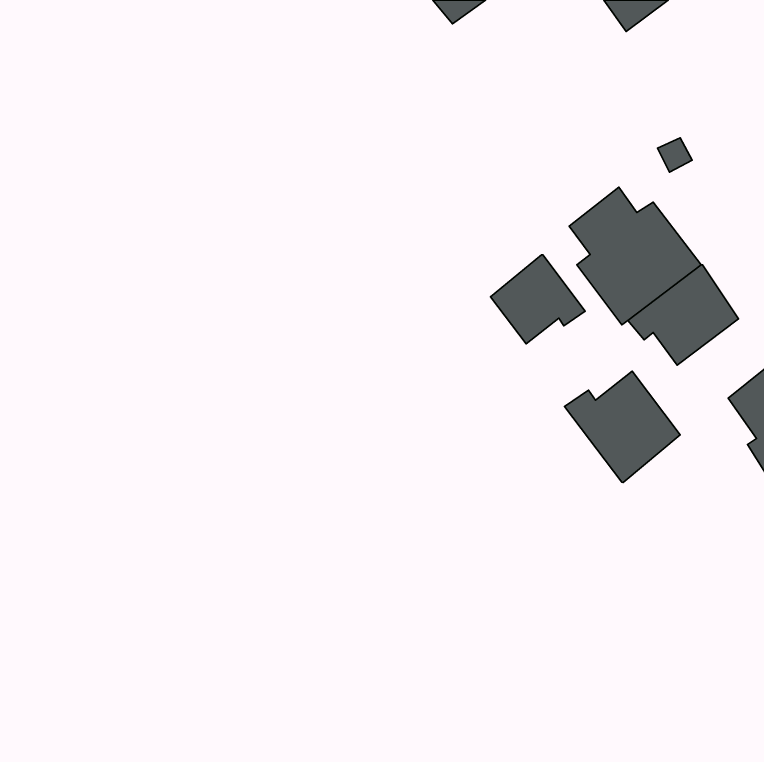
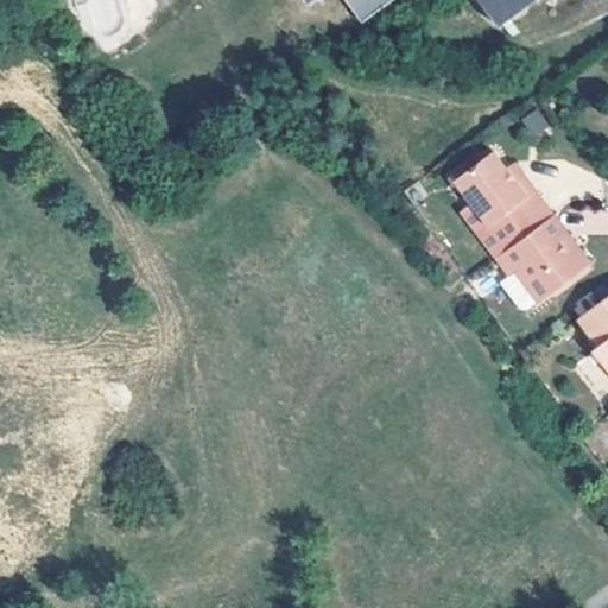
building: [491,255,585,344] -> none
building: [564,371,680,483] -> none

